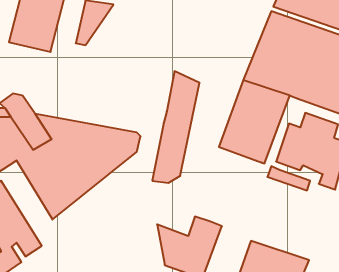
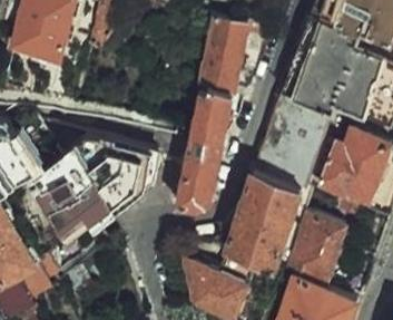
building: none -> [202,19,272,99]
building: none -> [225,169,302,266]
building: none -> [285,215,346,287]

